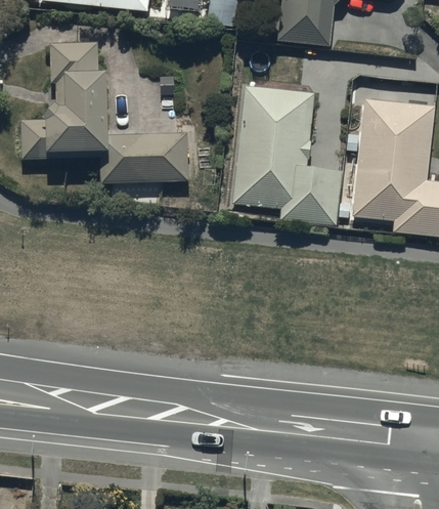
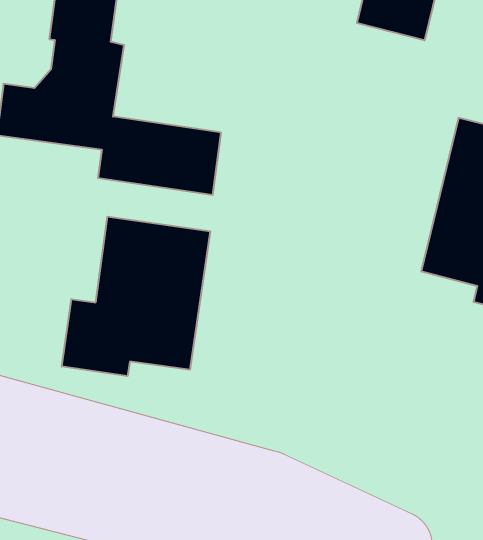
building: [231,83,341,225] -> none
building: none -> [62,217,210,376]

